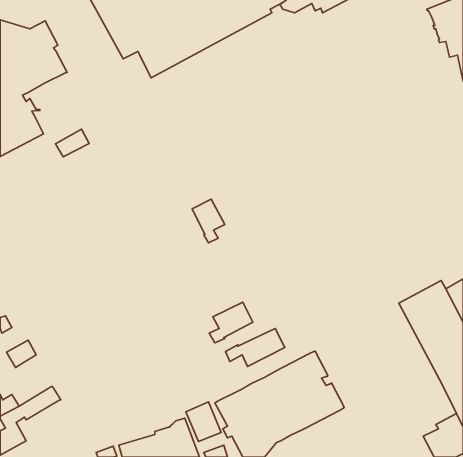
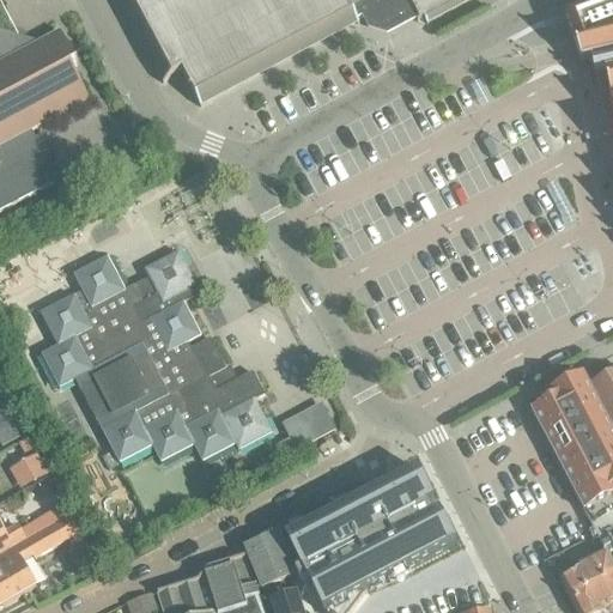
building: [56,129,89,157] -> none
building: none -> [40,247,266,459]
building: [192,199,225,243] -> none
building: [226,328,285,367] -> none

